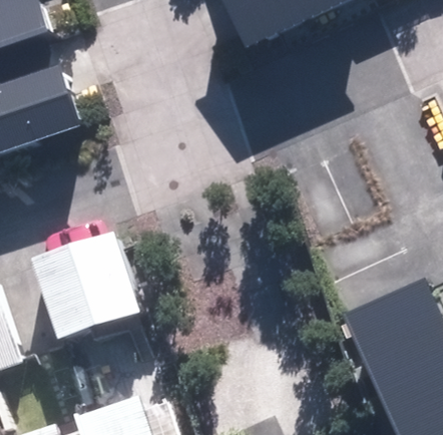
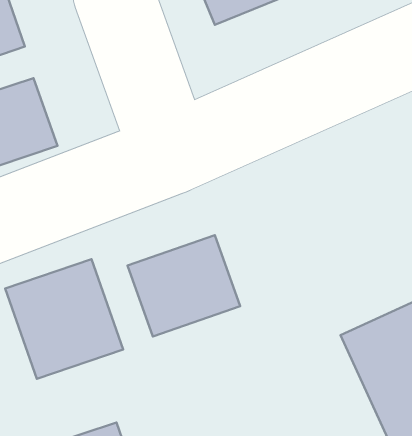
building: none -> [127,235,240,337]

